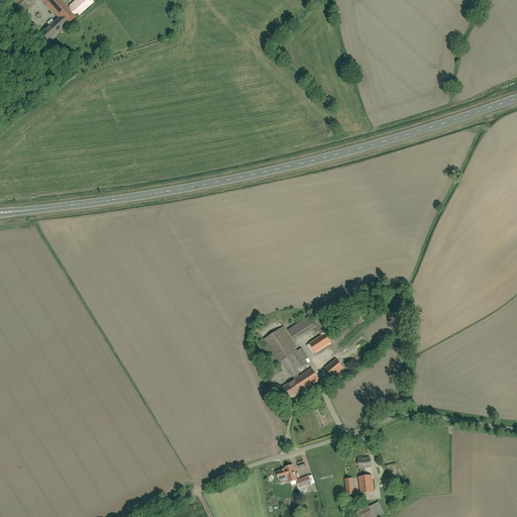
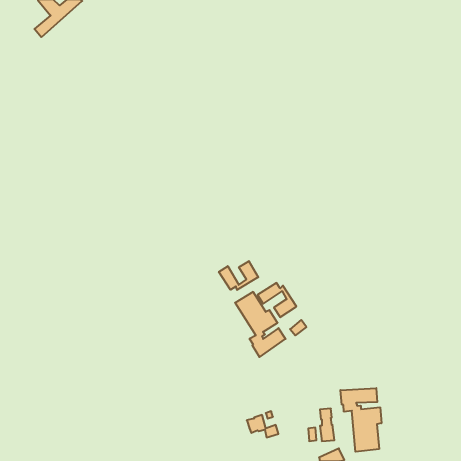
building: none -> [219,261,258,290]
building: none -> [340,388,381,452]

